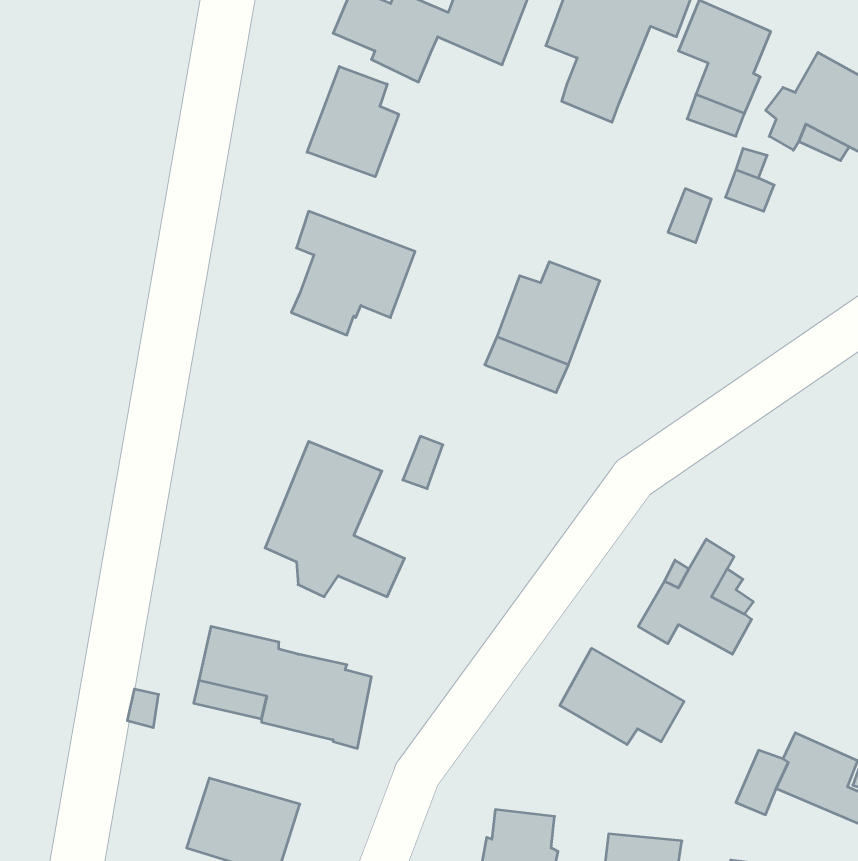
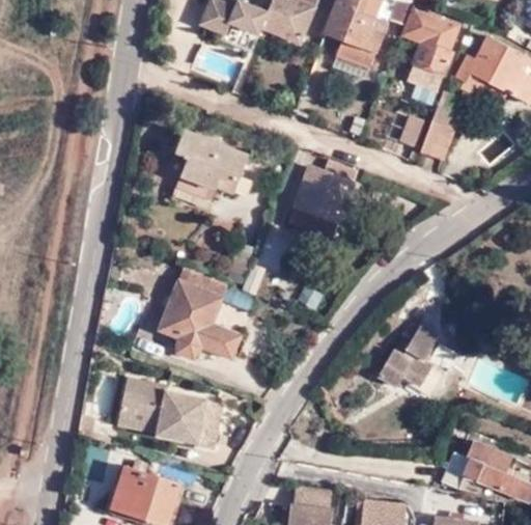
building: [307,66,399,177] -> none
building: none -> [419,121,455,163]
building: [560,648,684,745] -> none

